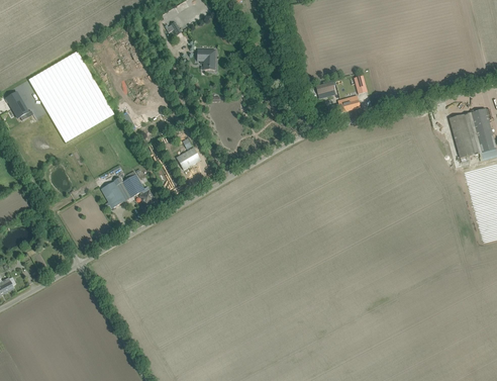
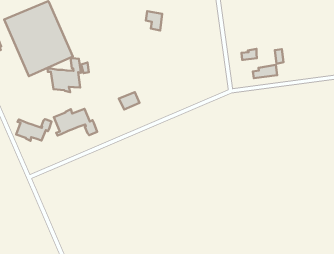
building: none -> [47,58,81,92]
building: none -> [16,119,51,141]

